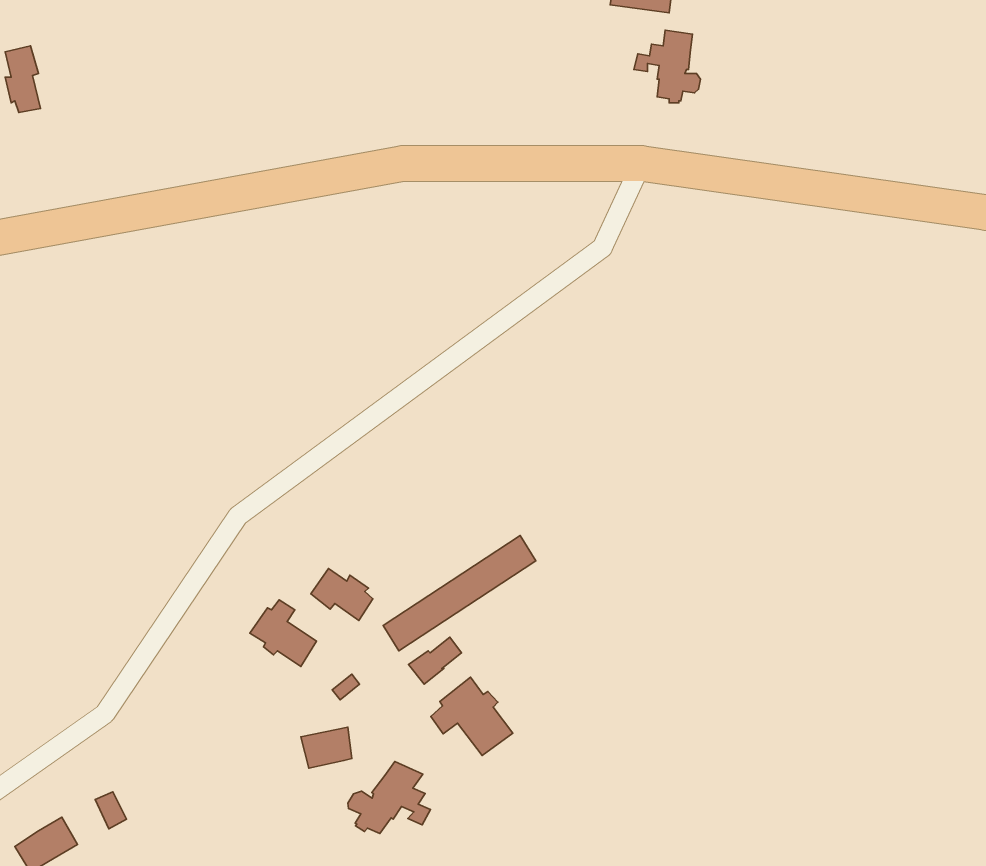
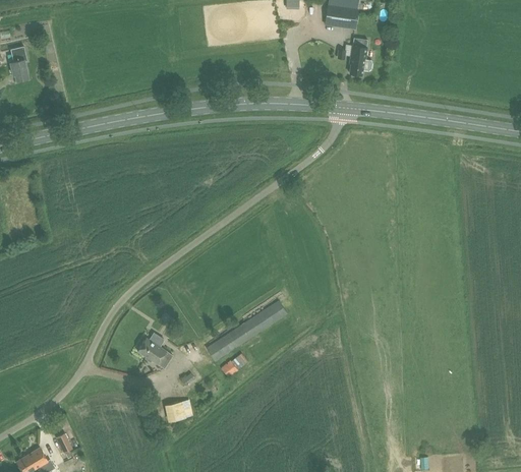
building: [311,568,373,620] -> none
building: [431,677,513,755] -> none
building: [348,761,430,834] -> none

